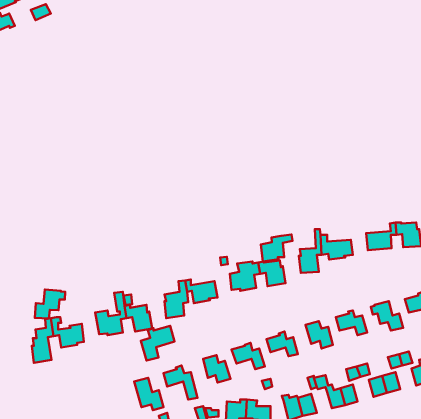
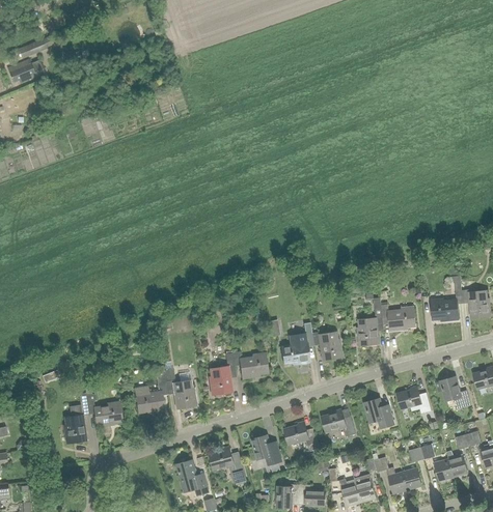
building: [261,235,292,262] -> none
building: [35,289,65,319] -> none
building: [141,326,175,361] -> none

